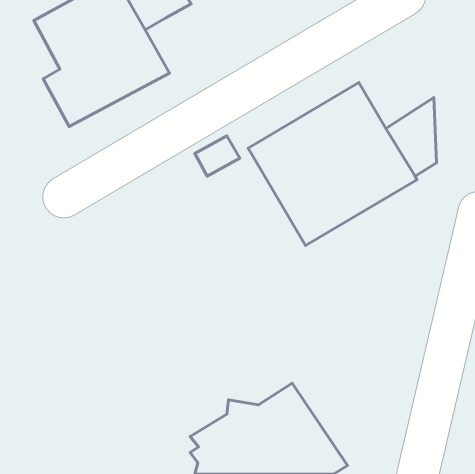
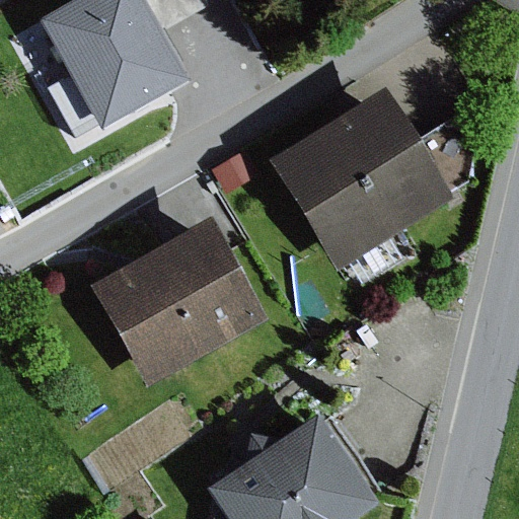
building: none -> [92,221,267,387]

